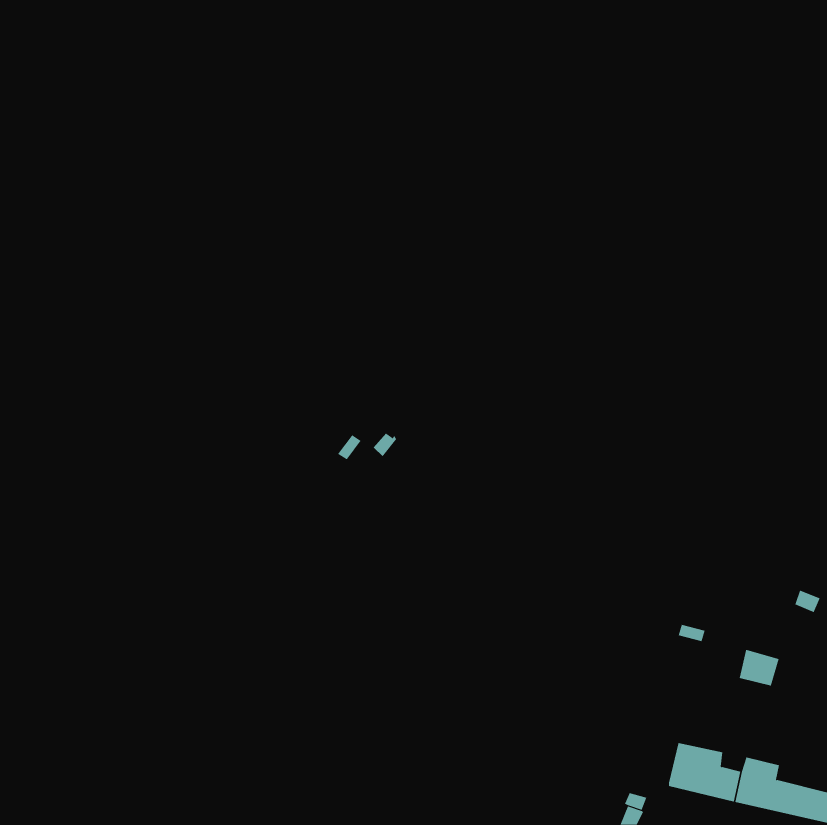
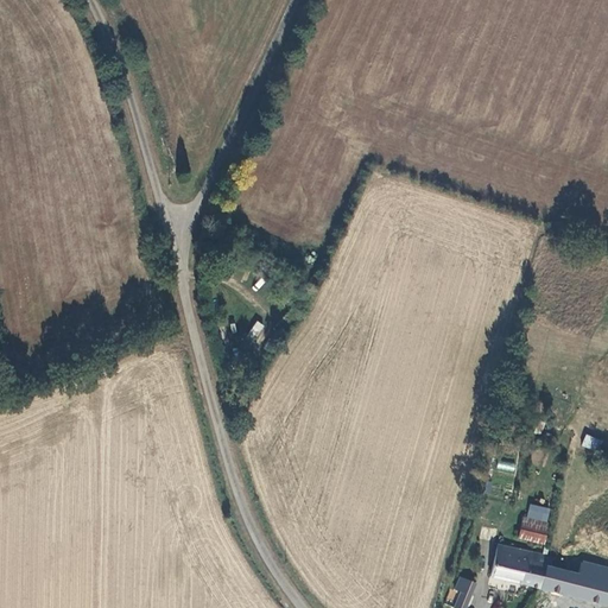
building: [739,649,780,686] -> [520,515,550,543]

